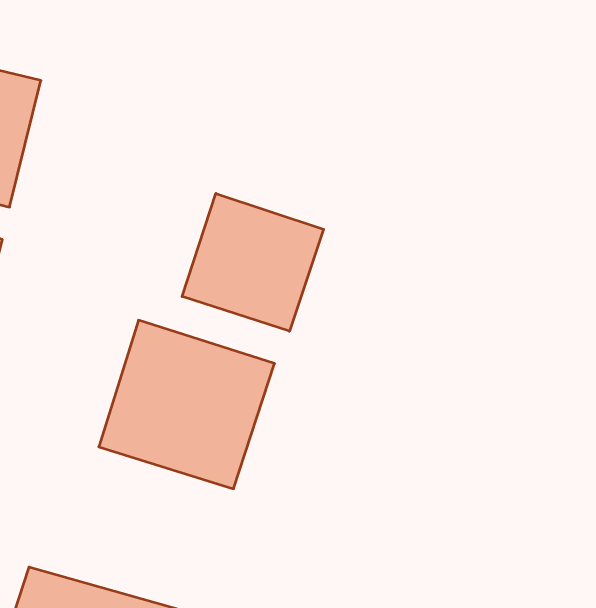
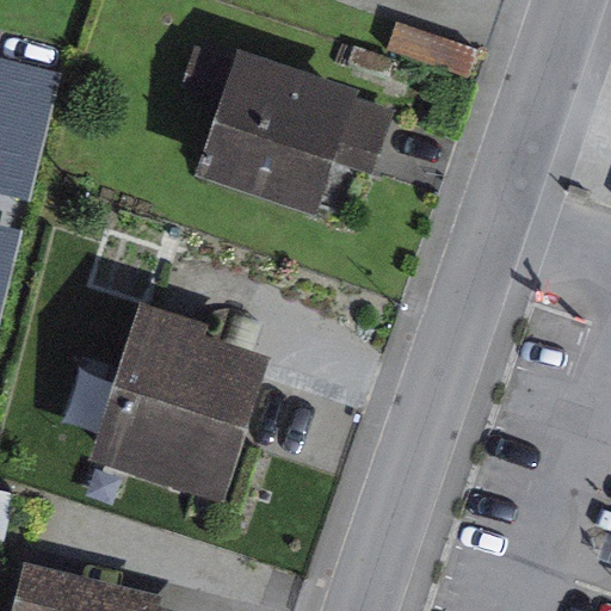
building: none -> [204,49,360,193]
building: [182,193,324,331] -> none

